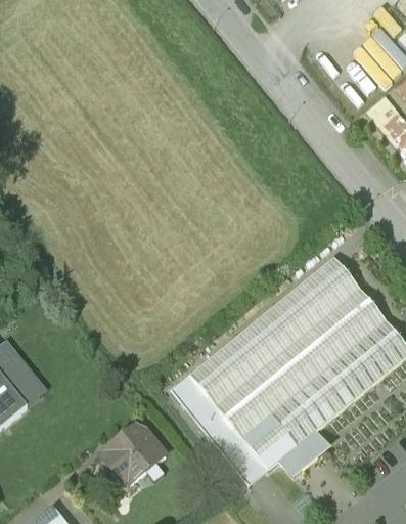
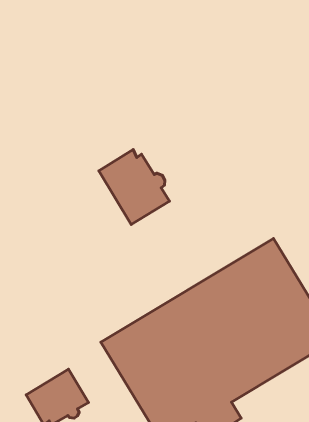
building: none -> [99,149,170,225]

